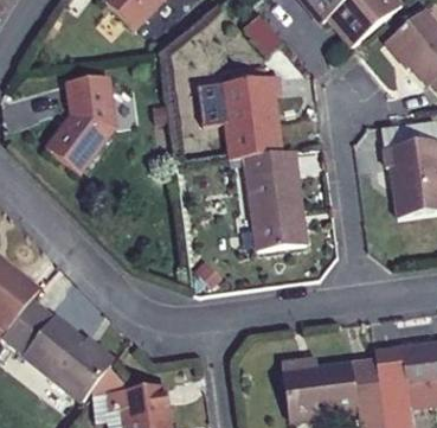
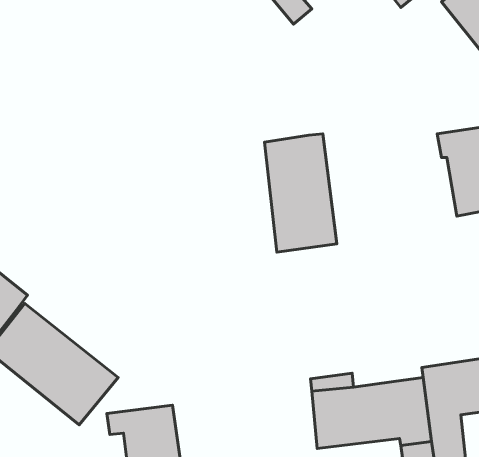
building: [217,75,278,159] -> none
building: [45,76,115,173] -> none

